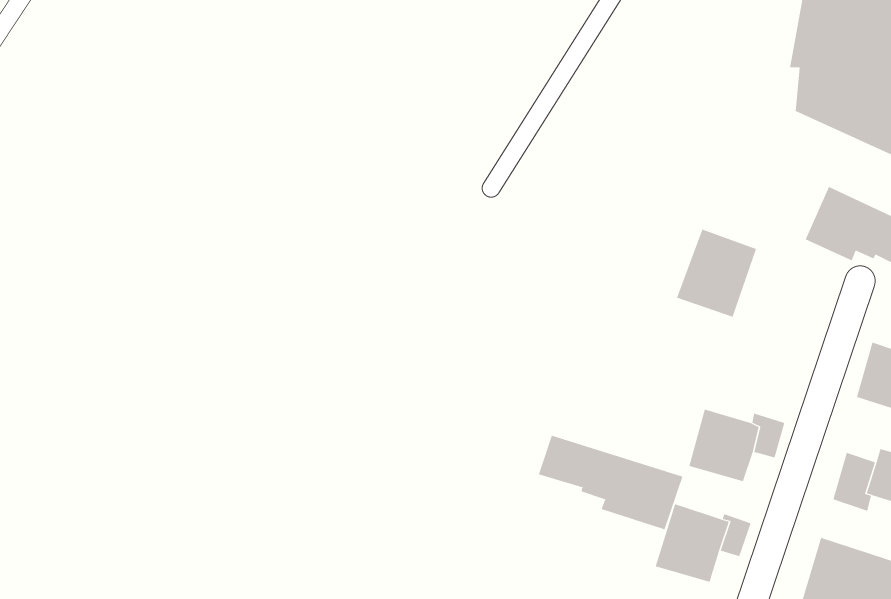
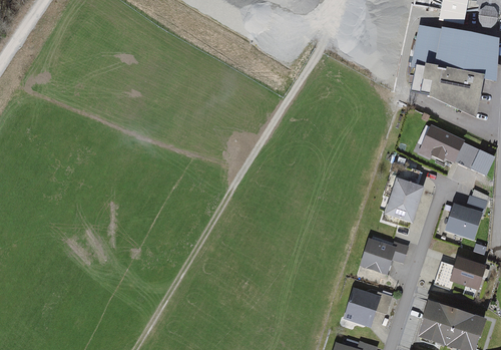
building: [676,229,757,318] -> [382,180,423,225]
building: [538,435,683,530] -> none

